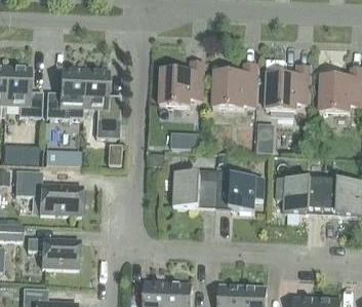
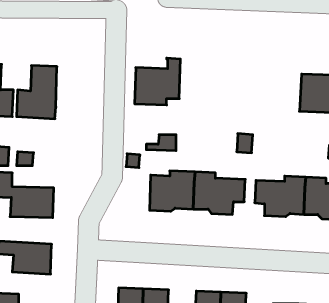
building: [212,63,256,108] -> none
building: [265,65,310,110] -> none
building: [83,68,120,137] -> none

